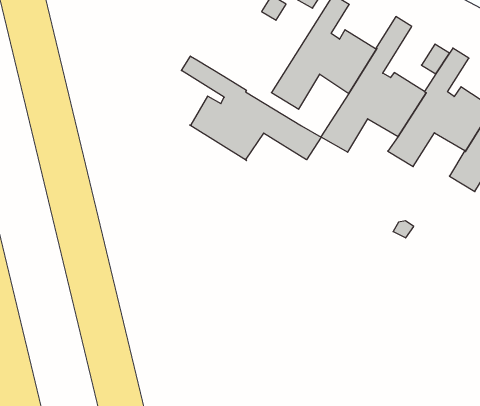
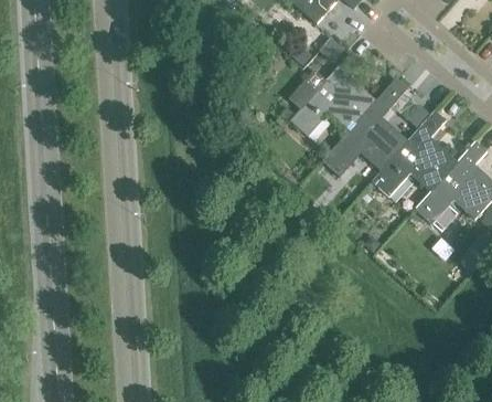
building: [181,56,321,161] -> none

